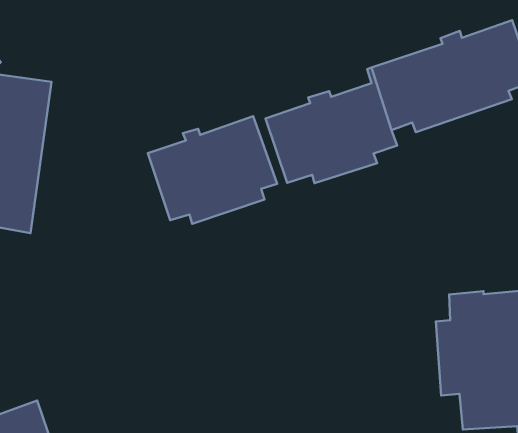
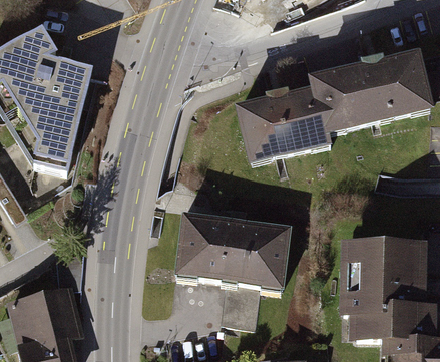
building: [148,116,277,224] -> none
building: none -> [175,213,290,324]

